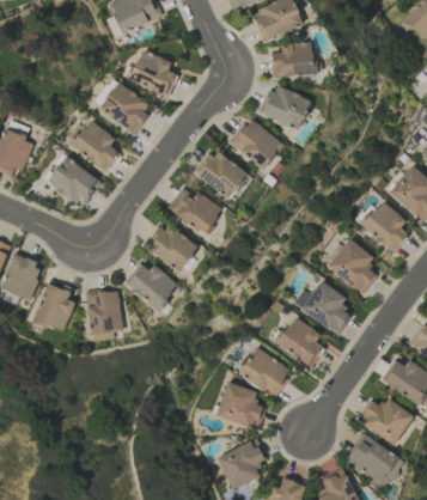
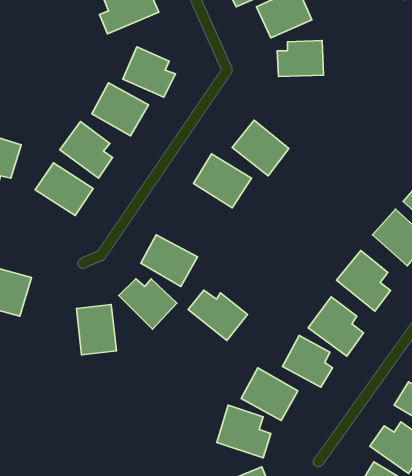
building: [260,83,312,130] -> none
building: [167,188,222,234] -> [188,290,248,340]
building: [33,281,74,331] -> none

